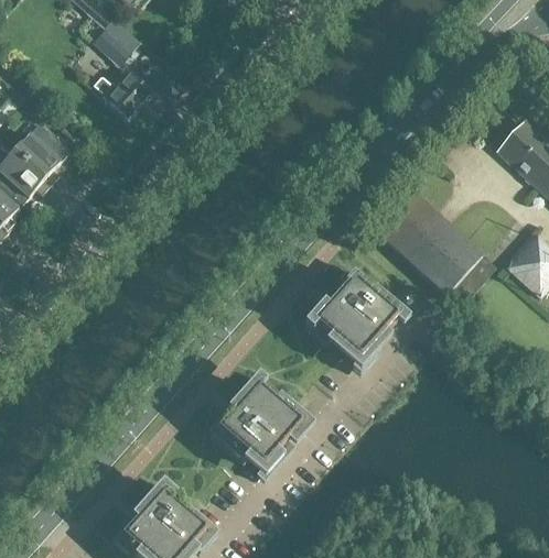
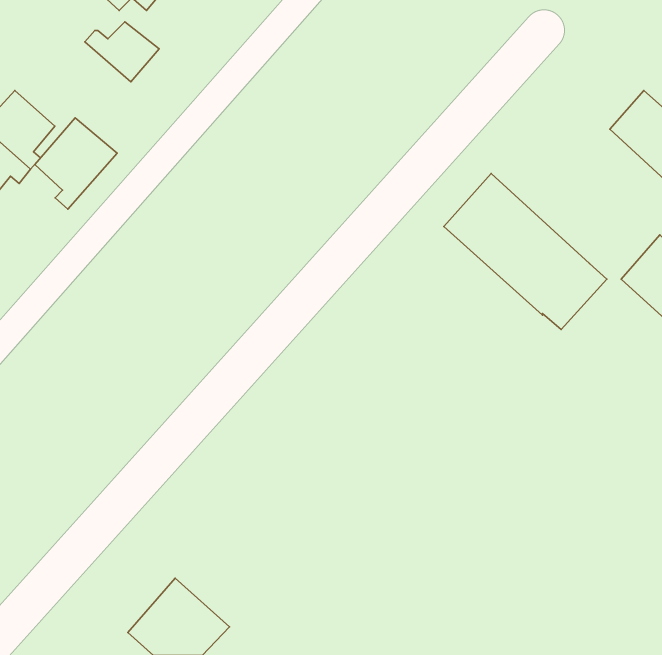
building: none -> [35,118,117,209]
building: [316,282,396,360] -> none
building: [220,389,300,467] -> none

